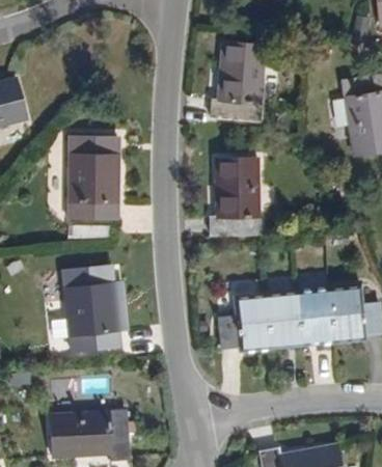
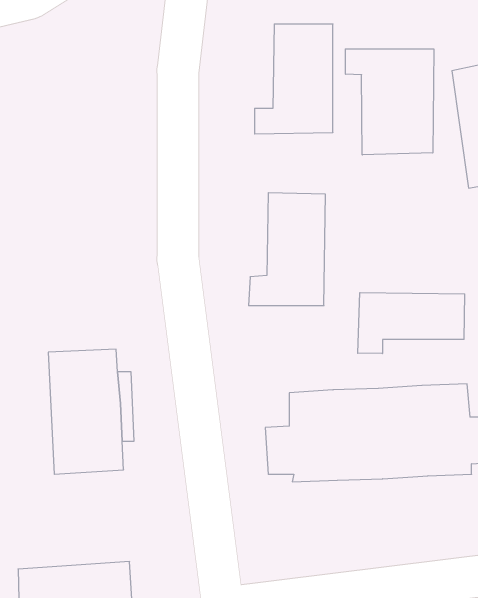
building: none -> [345,49,434,155]
building: [73,148,125,231] -> none
building: none -> [358,293,465,354]

